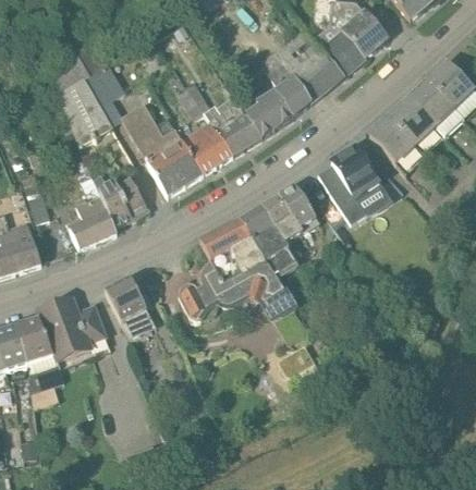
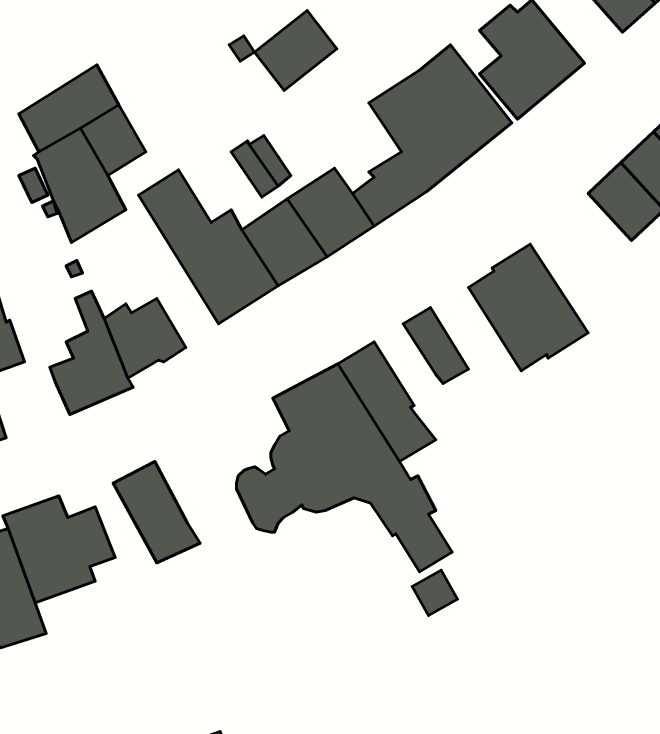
building: none -> [255,11,337,90]
building: [369,117,416,163] -> none
building: [261,195,303,244] -> none

